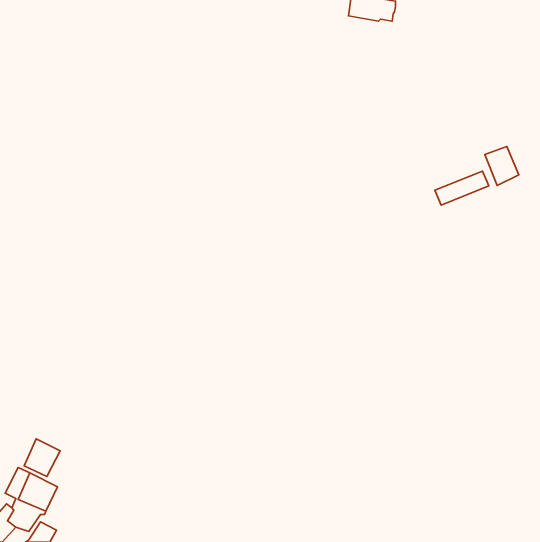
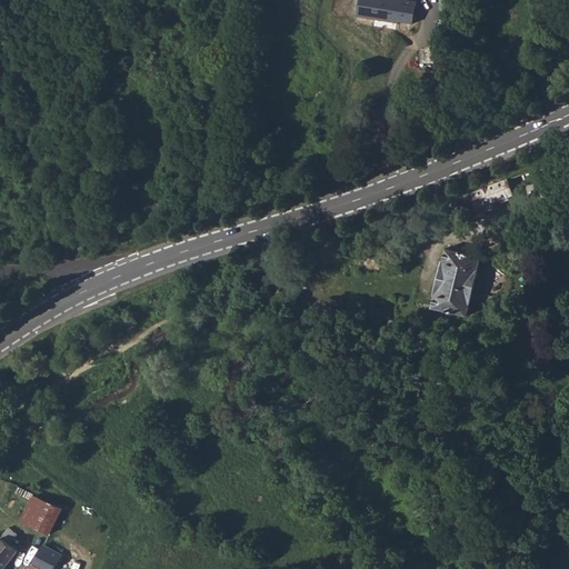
building: [485,146,519,185] -> none
building: none -> [430,250,477,316]
building: [24,439,60,476] -> none

